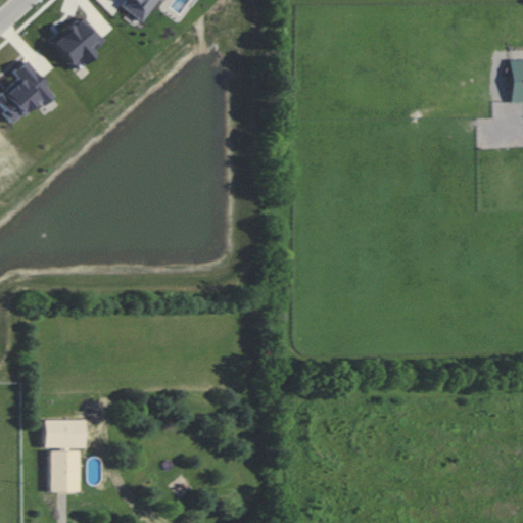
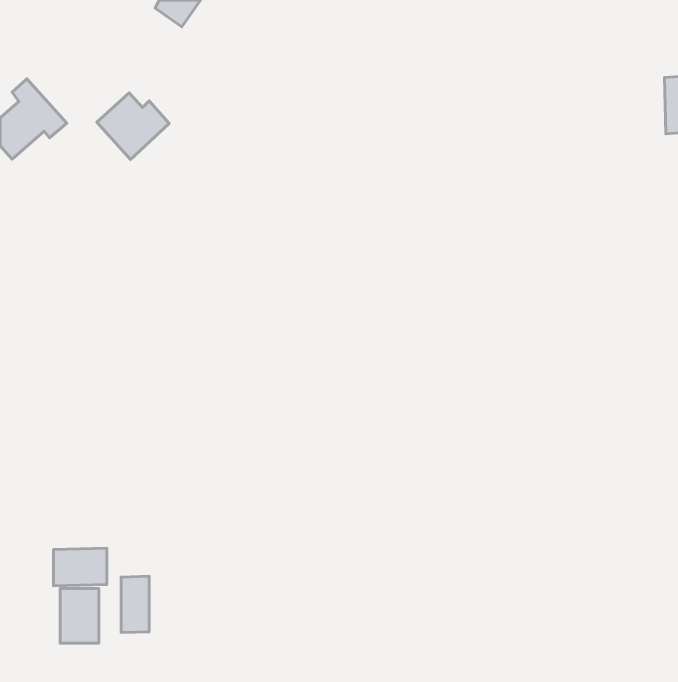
building: [51,19,106,70] -> [97,93,169,160]
building: none -> [121,576,149,633]

